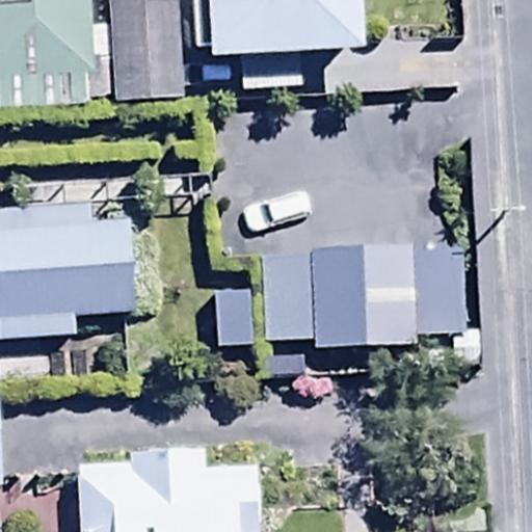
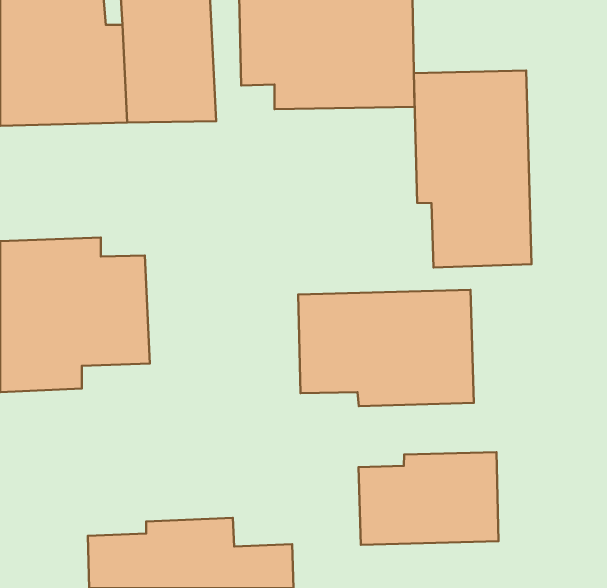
building: none -> [414,71,532,267]
building: none -> [358,452,499,545]

